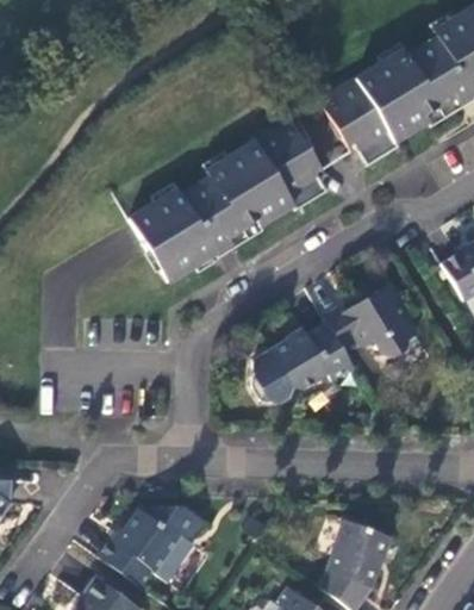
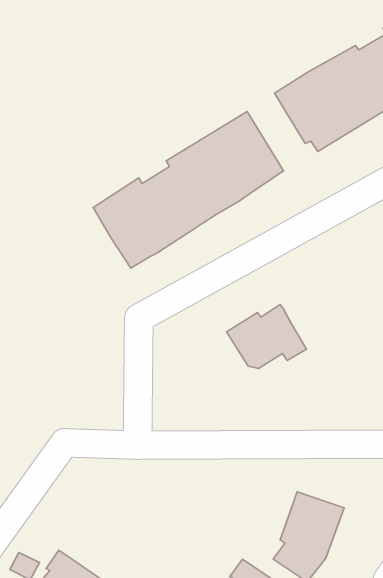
building: [323,282,418,359] -> none
building: [254,349,293,403] -> none
building: [98,505,204,586] -> none

